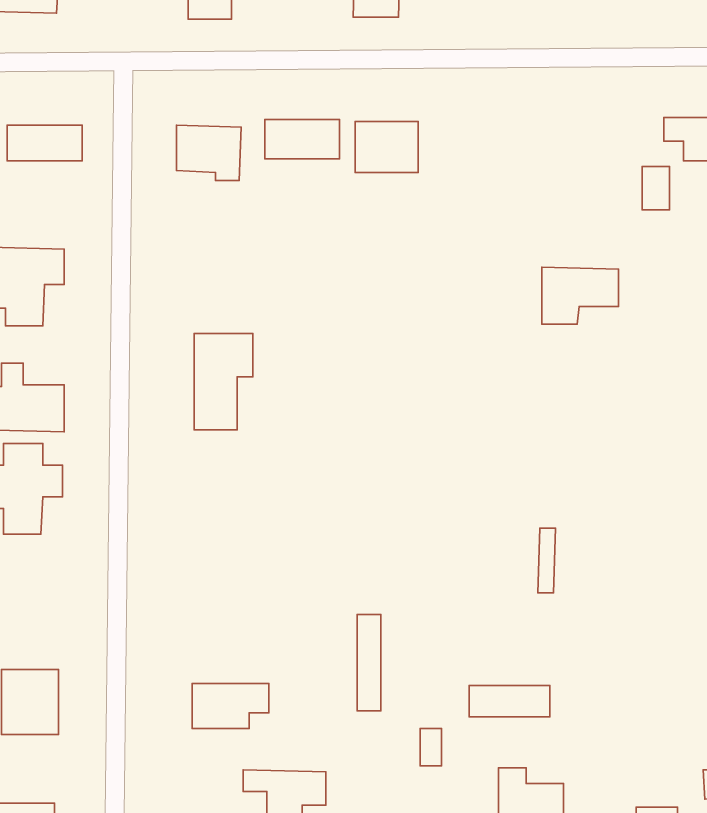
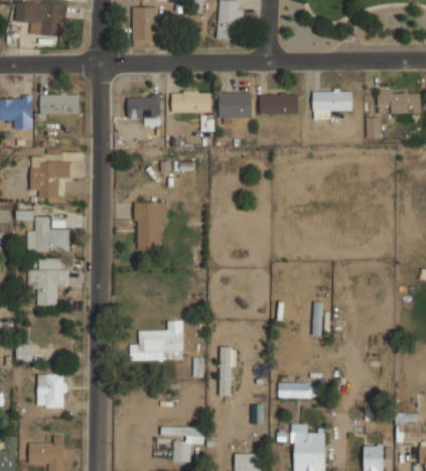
building: none -> [260,94,299,114]
building: [542,267,618,324] -> [312,90,351,119]
building: [192,683,269,729] -> [144,336,183,359]

